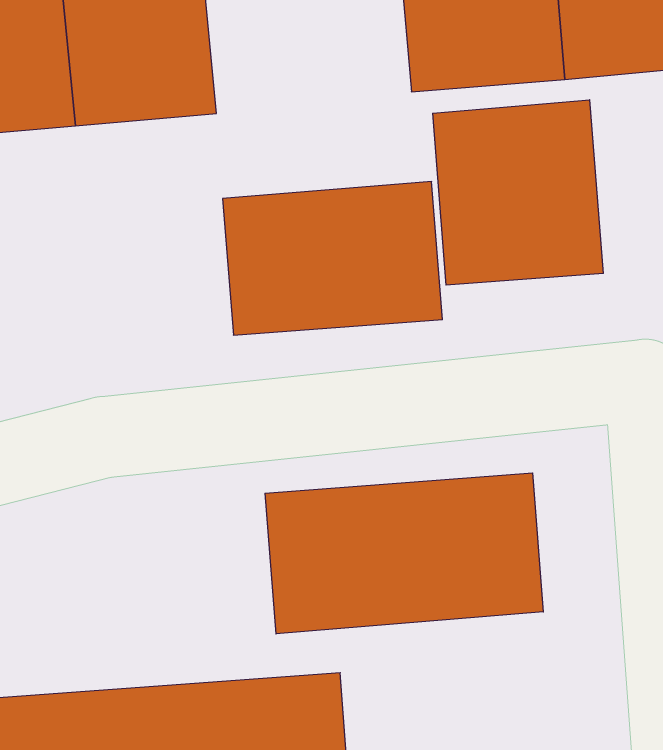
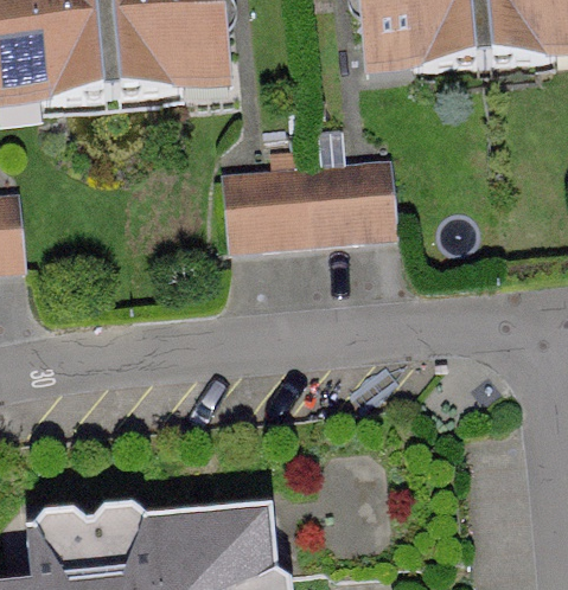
building: [433,100,603,285] -> none
building: [265,473,543,634] -> none

